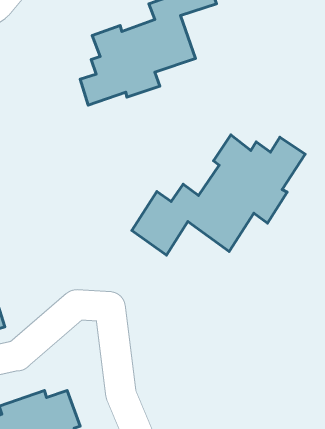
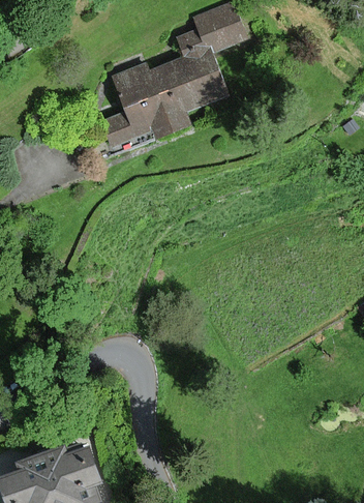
building: [132,135,305,255] -> none

